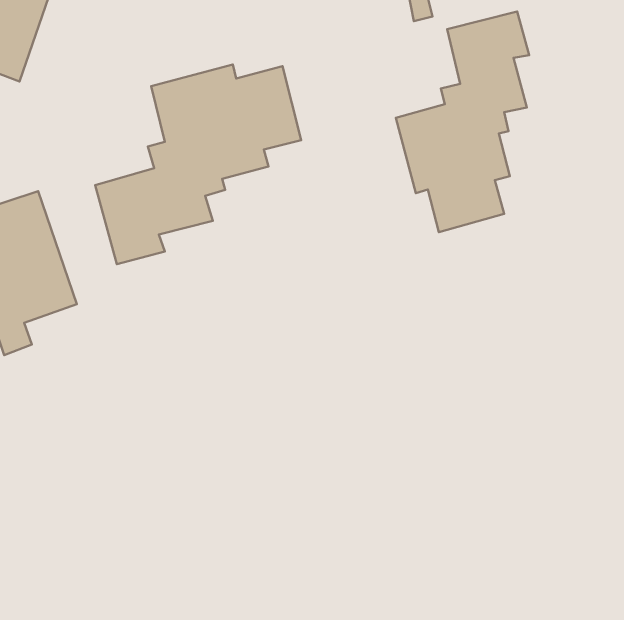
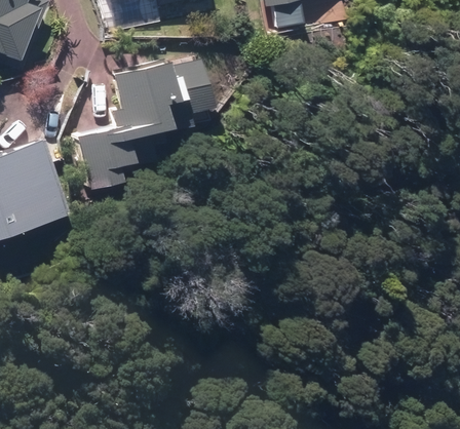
building: [396,11,529,232] -> none

